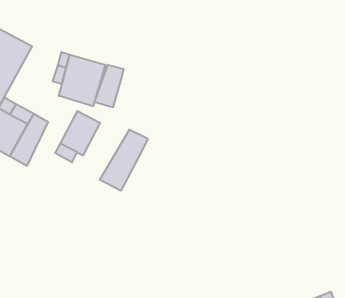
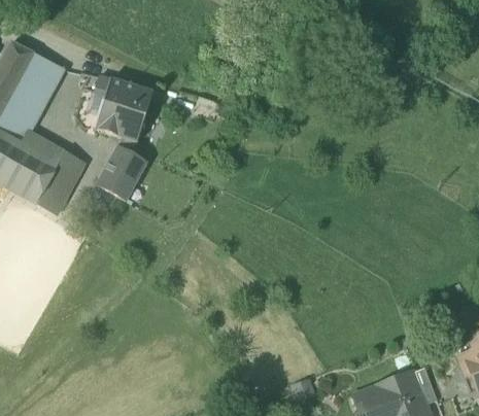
building: [95,65,124,107] -> none
building: [100,130,148,191] -> none

